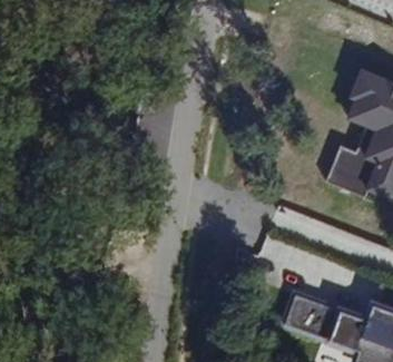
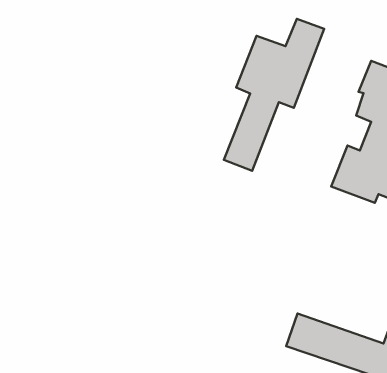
building: none -> [224,19,324,171]

